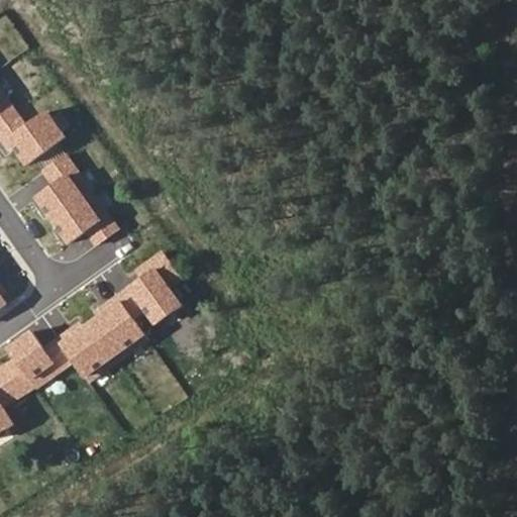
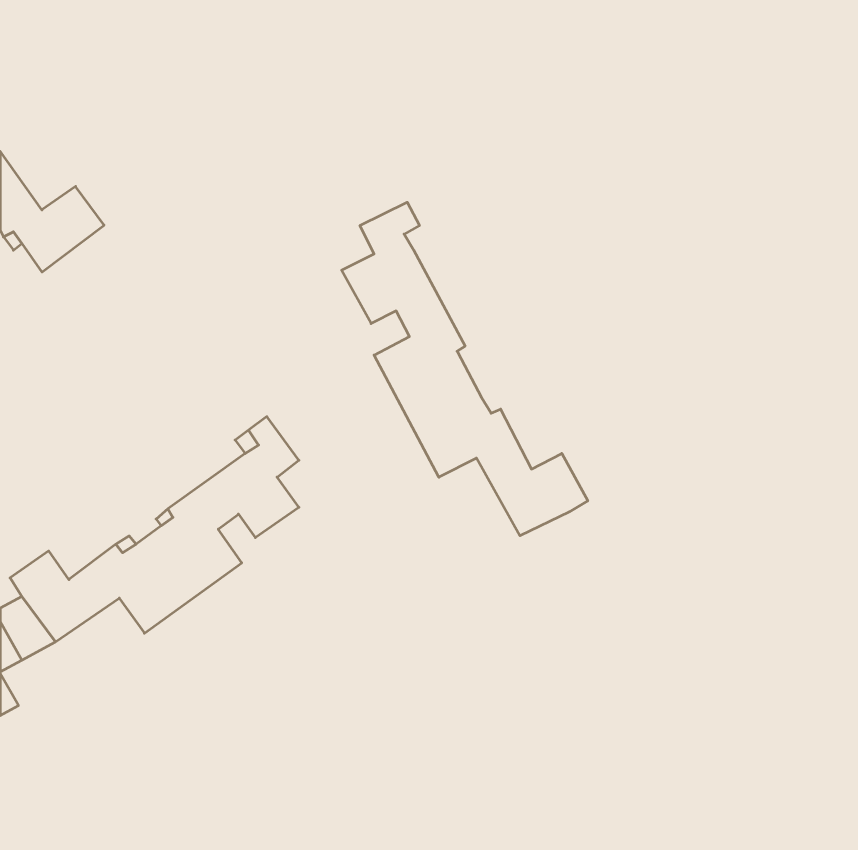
building: none -> [342,202,588,536]
building: [34,153,116,244] -> none

